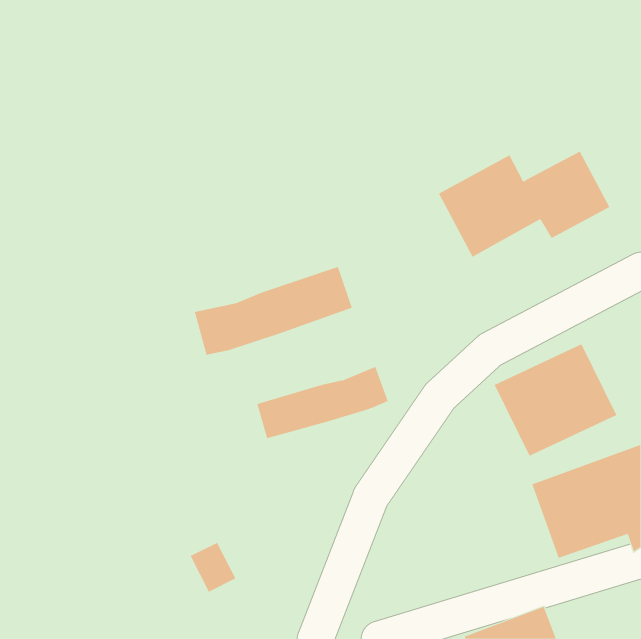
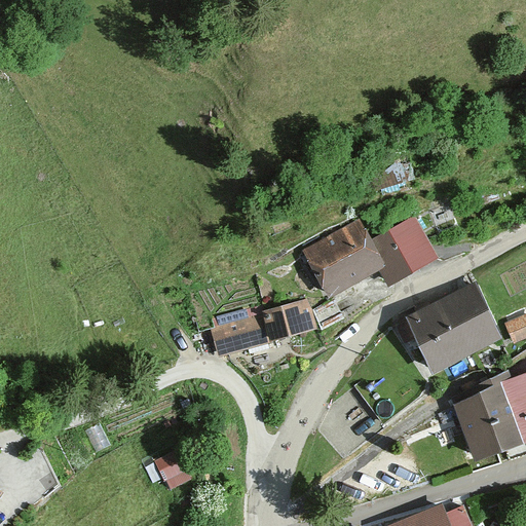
building: [438,151,610,258] -> [299,217,440,304]
building: [194,266,353,355] -> none

